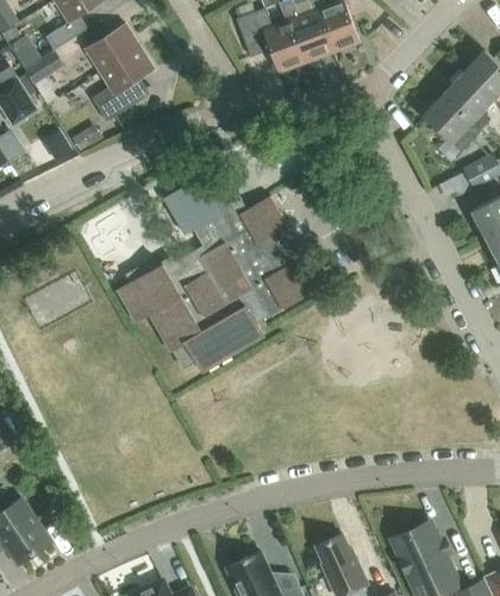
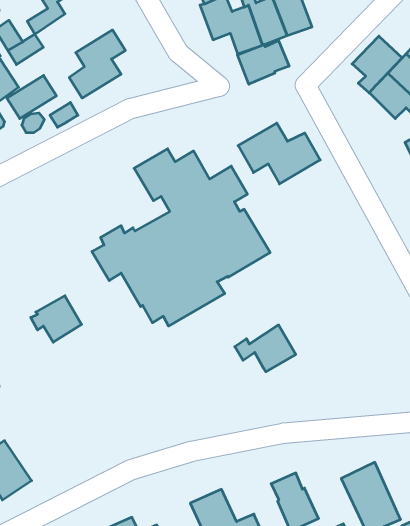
building: [85,24,139,71] -> [7,75,56,119]
building: none -> [352,36,402,93]
building: none -> [237,41,289,84]
building: none -> [238,123,320,184]
building: none -> [31,296,82,342]
building: none -> [235,325,296,372]

